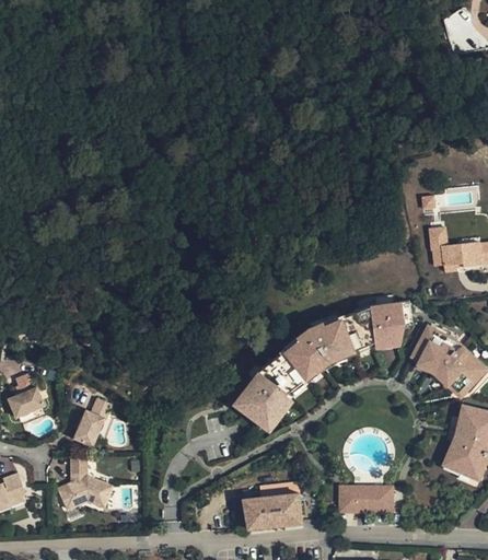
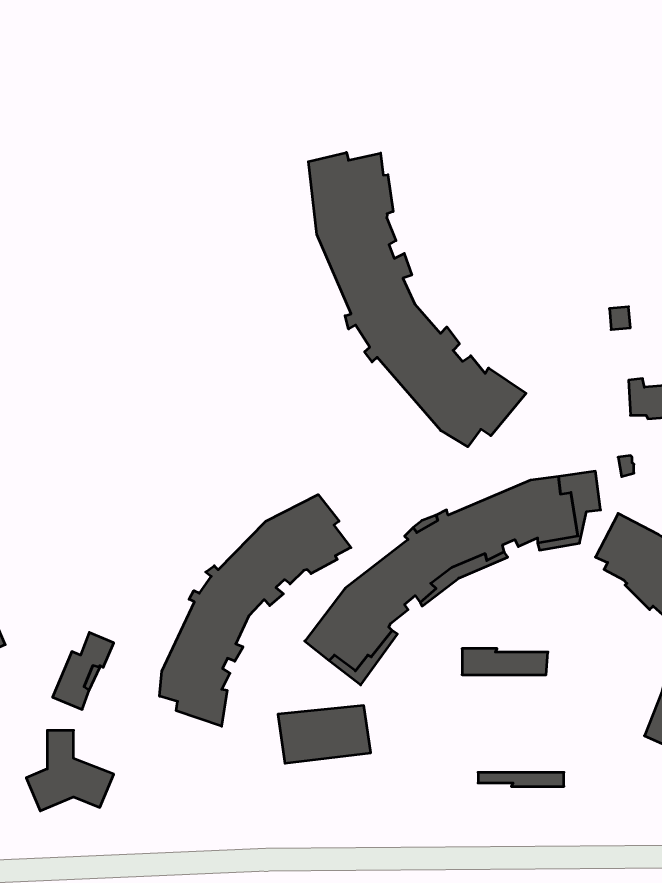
building: none -> [308,152,526,447]
building: none -> [160,495,351,726]
building: [339,493,393,510] -> [462,649,548,675]
building: [245,494,303,530] -> [278,706,371,763]

